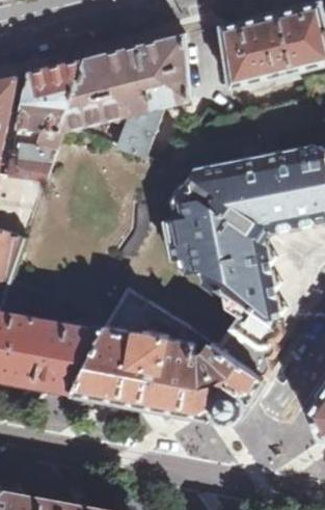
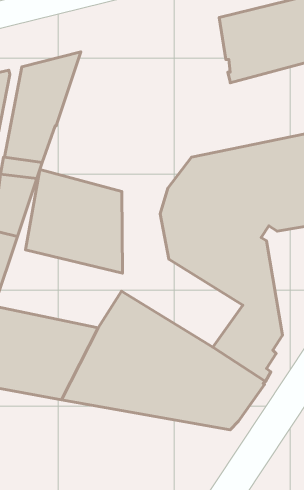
building: [62,32,190,156] -> none
building: none -> [26,169,122,273]

